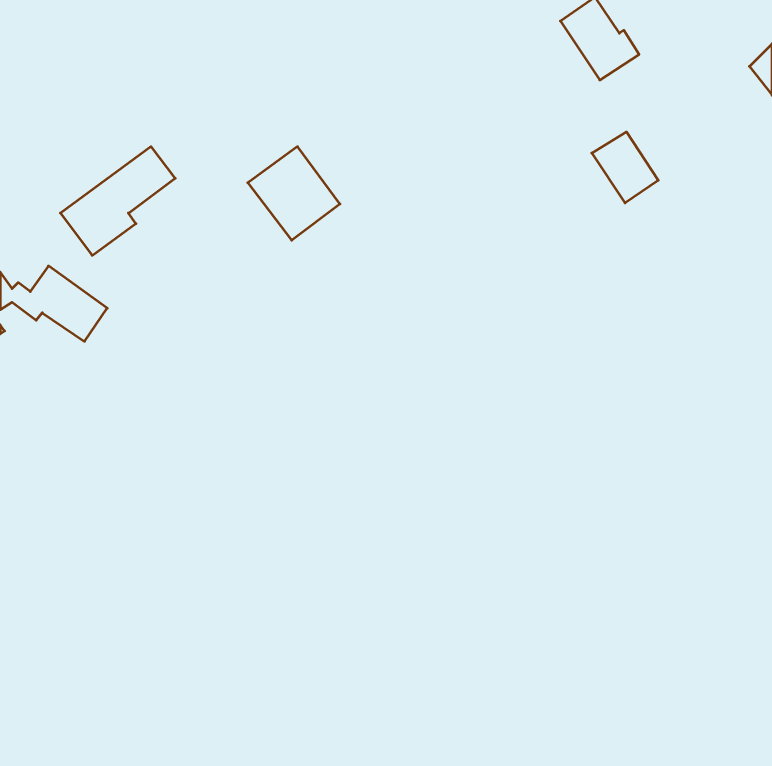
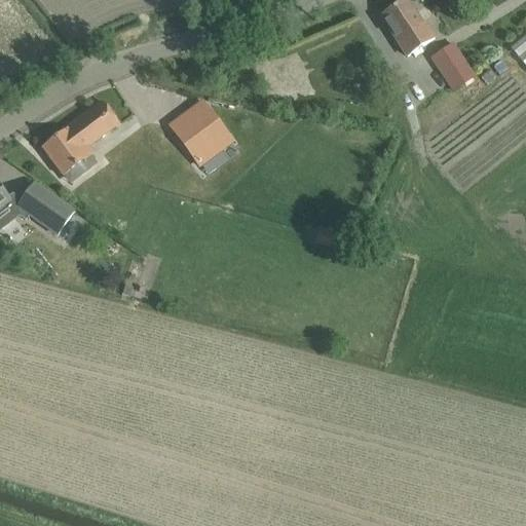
building: [592,132,658,203] -> [429,41,475,89]

